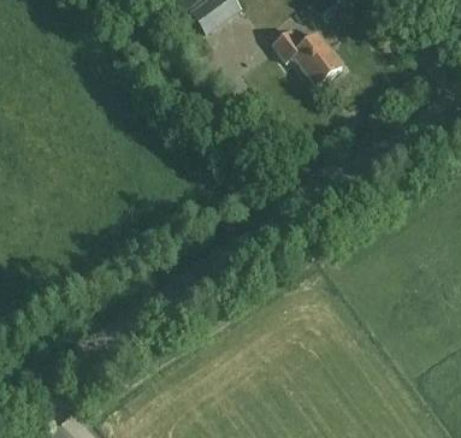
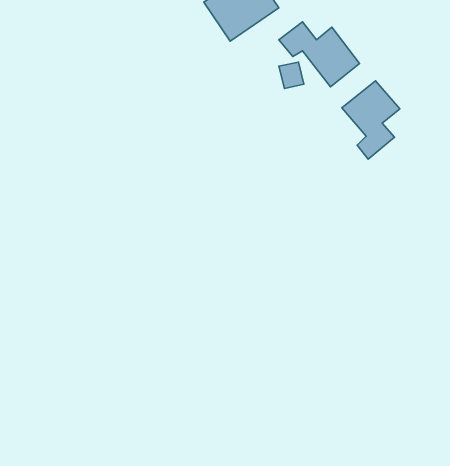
building: none -> [342,81,400,159]

